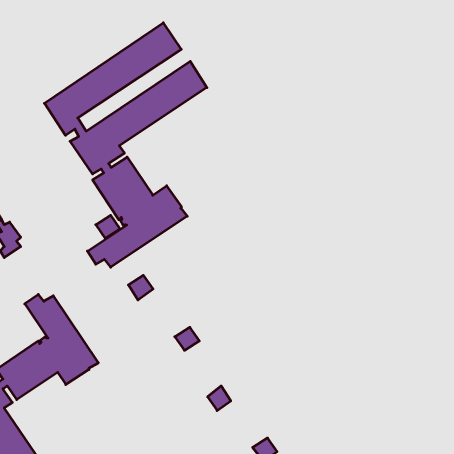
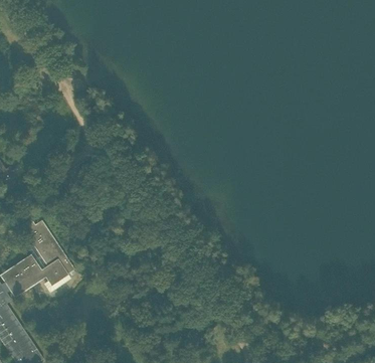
building: [44,23,207,267] -> none

